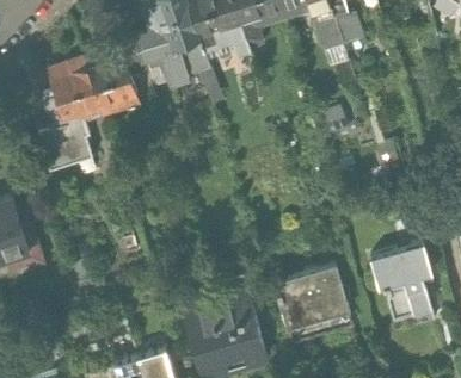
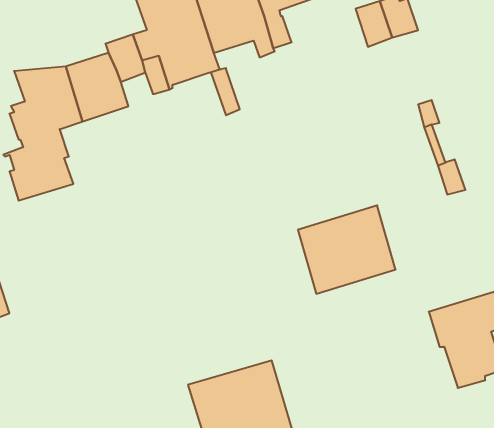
building: [275,265,351,334] -> [298,205,396,294]

